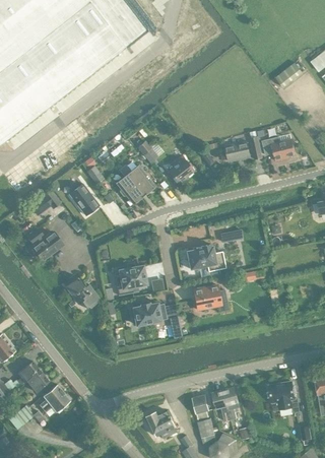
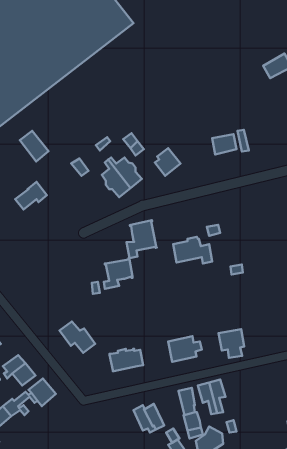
building: [261,136,295,160] -> none
building: [68,185,96,215] -> [20,131,48,161]
building: [25,226,61,259] -> none
building: none -> [127,220,157,258]
building: [64,277,100,309] -> [60,321,95,353]
building: [192,284,225,310] -> [168,336,202,362]
building: [132,303,166,325] -> [110,349,143,371]
building: [268,381,294,409] -> [219,329,244,358]

